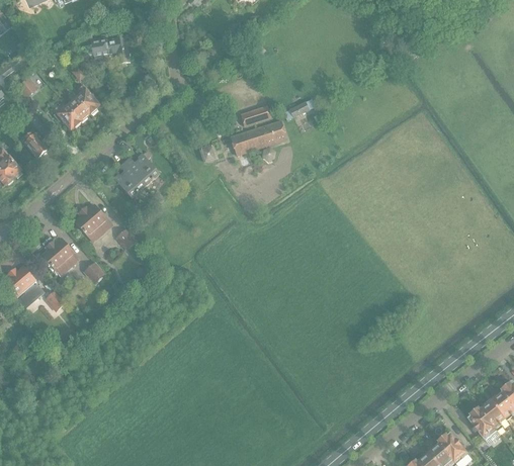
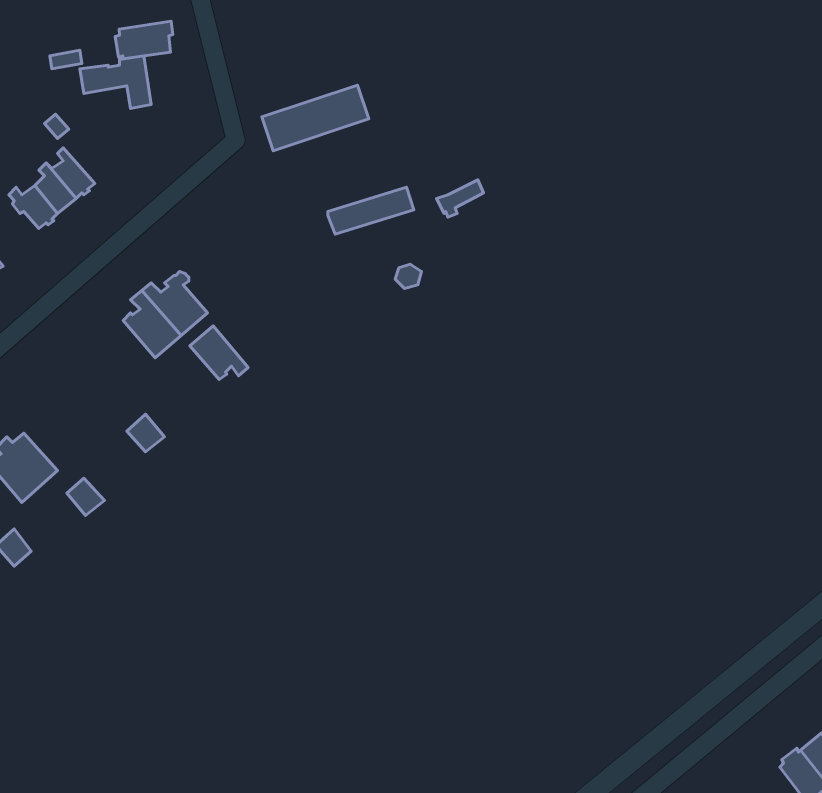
building: none -> [115,21,173,59]
building: [229,119,286,155] -> [262,85,369,151]
building: none -> [190,326,248,380]
building: [74,204,110,241] -> none

